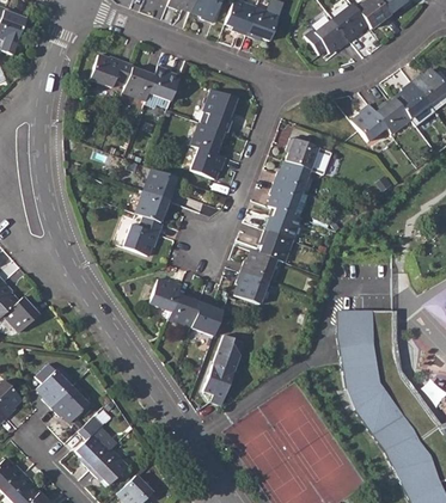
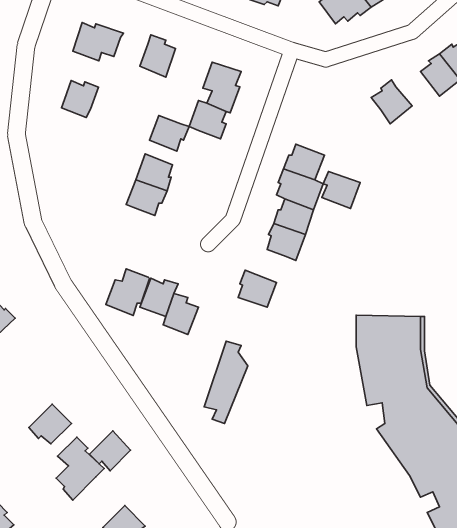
building: [123,67,155,99] -> [62,80,99,117]
building: [372,97,410,134] -> none
building: [285,137,318,170] -> [322,172,360,209]
building: [191,148,226,179] -> [149,115,189,151]
building: [124,215,163,256] -> [106,269,150,315]
building: [240,249,276,281] -> none
building: [190,299,222,335] -> none
building: [36,369,72,407] -> none
building: [90,450,126,485] -> [89,431,131,471]

